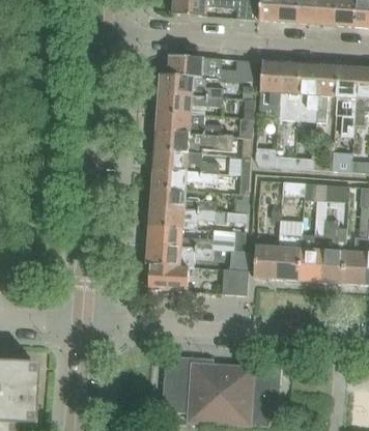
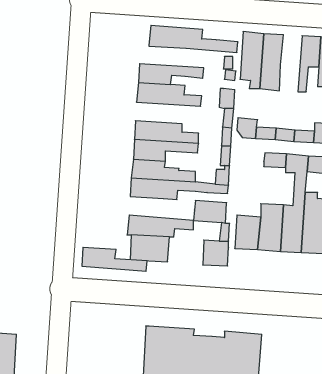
building: [299,64,320,121] -> none
building: [159,74,223,97] -> none
building: [154,132,230,153] -> none
building: [148,226,214,250] -> [82,247,147,271]

